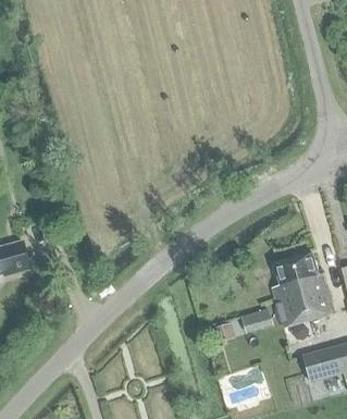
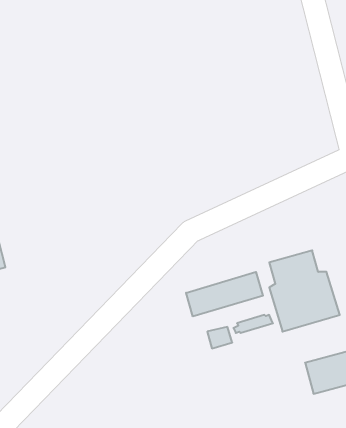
building: none -> [186,272,263,316]

